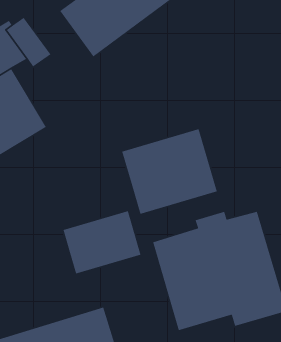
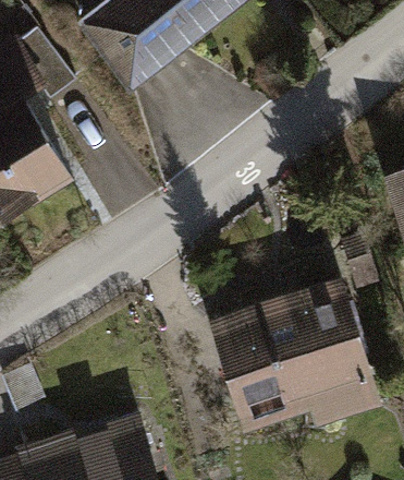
building: [121,128,218,215] -> none
building: [62,210,142,274] -> none

